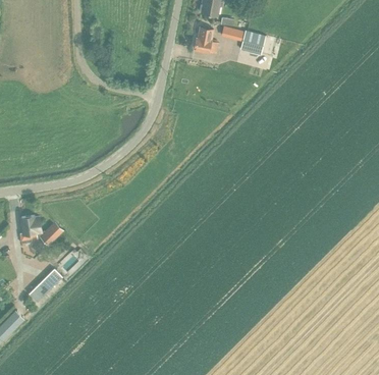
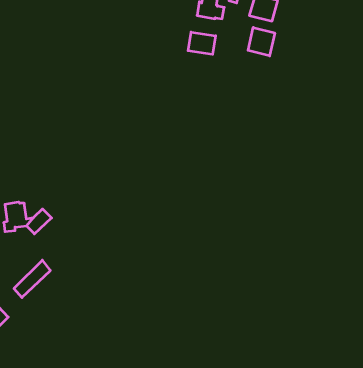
building: none -> [248,27,275,56]
building: none -> [188,32,216,54]

